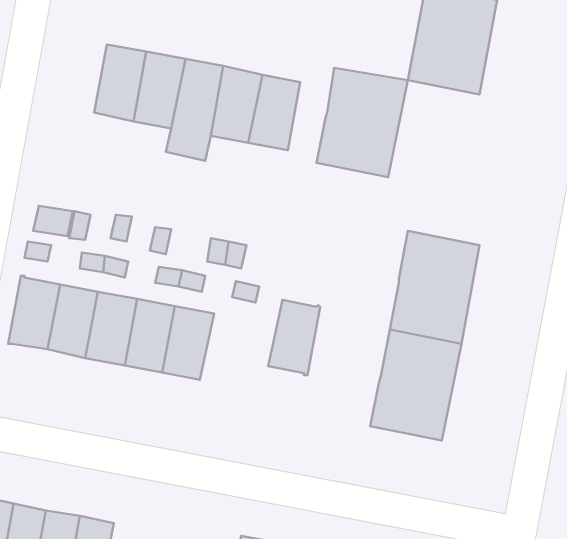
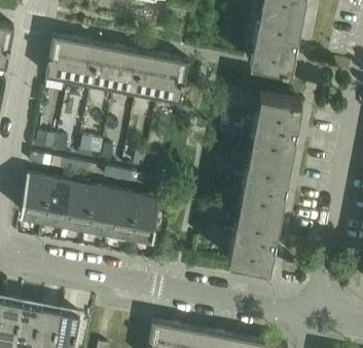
building: none -> [46,36,76,80]
building: [316,68,408,177] -> [249,93,301,156]
building: [268,300,320,375] -> [130,195,159,238]

